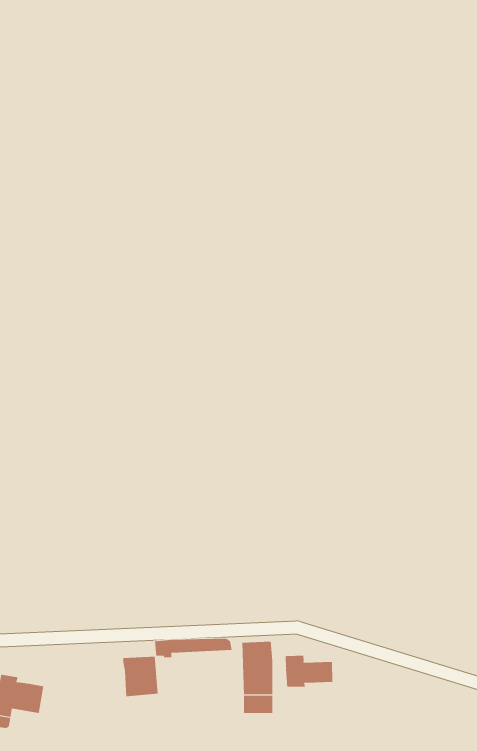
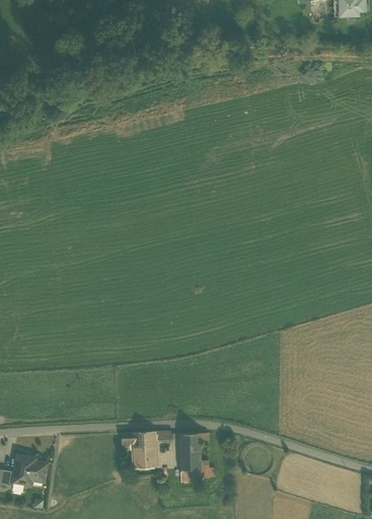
building: [285,655,333,688] -> none
building: [123,656,159,697] -> [133,440,157,467]

